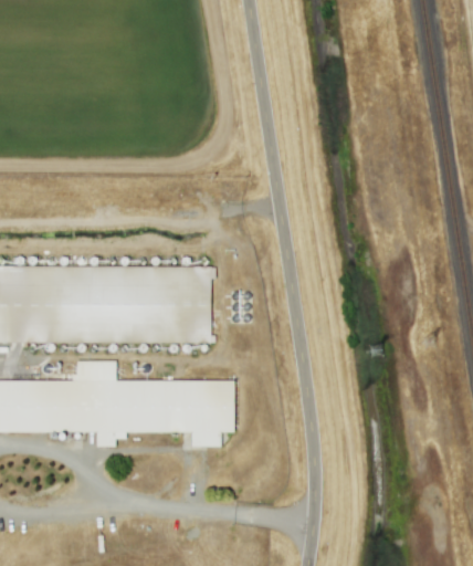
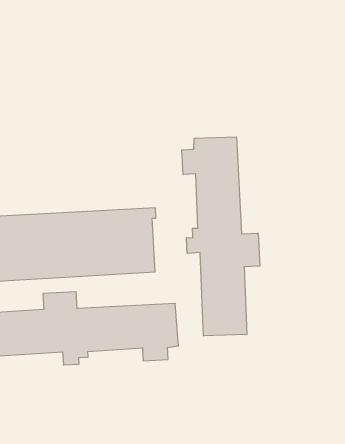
building: none -> [182,137,260,336]

